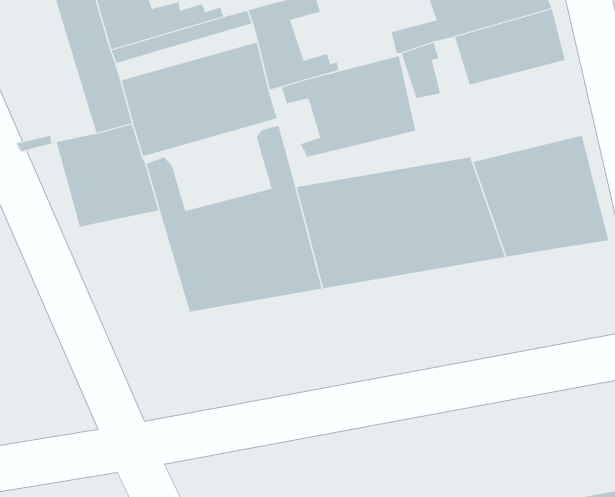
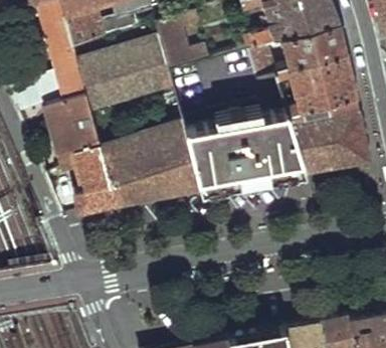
building: [281,56,416,157] -> [276,52,358,114]
building: none -> [39,143,121,211]

